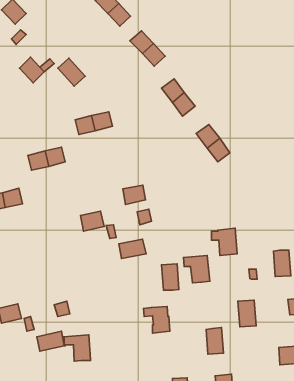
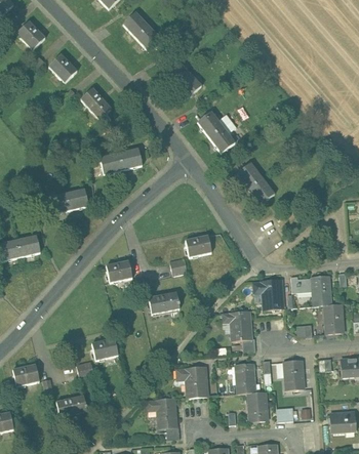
building: [20,57,44,83] -> [48,53,76,82]
building: [123,185,145,204] -> [185,235,210,256]
building: none -> [297,275,330,305]
building: [162,264,179,290] -> [235,363,254,393]
building: none -> [91,337,118,360]
building: [63,335,91,361] -> [146,398,176,427]

